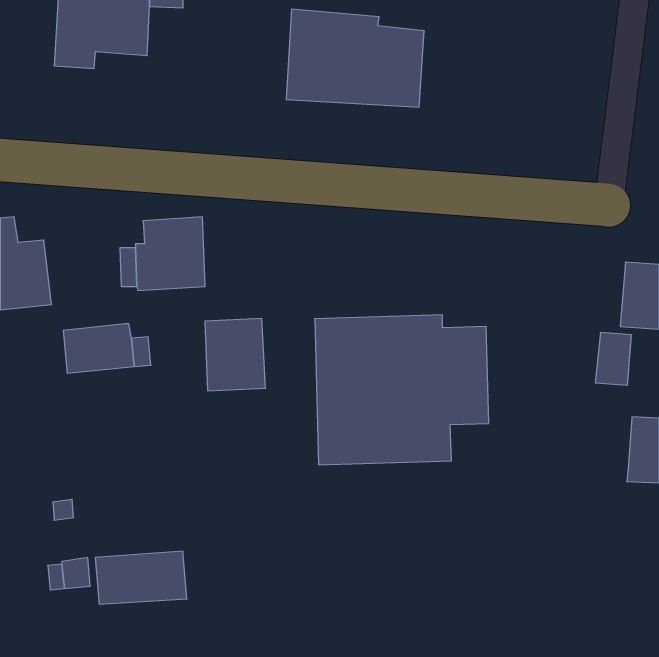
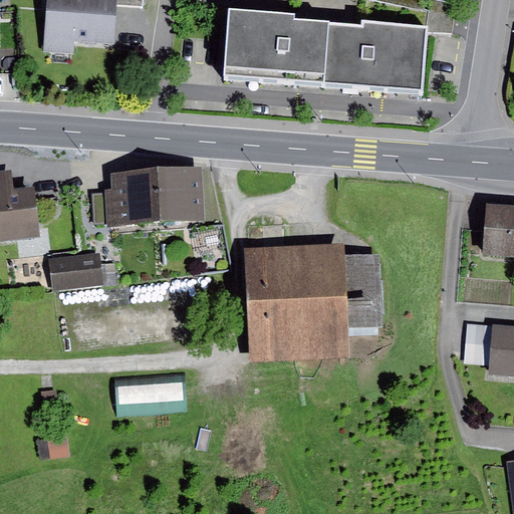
building: none -> [326,19,428,89]
building: [205,319,266,391] -> [158,167,205,223]
building: [595,332,631,385] -> [464,323,492,364]
building: [95,551,187,604] -> [115,372,187,414]

